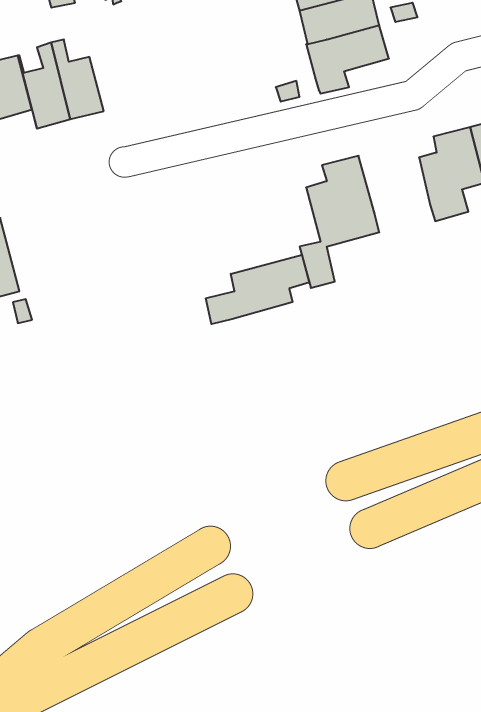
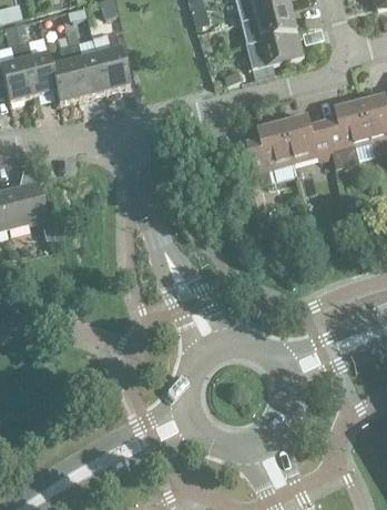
building: none -> [95,29,129,89]
building: none -> [283,113,333,160]
building: [206,255,309,324] -> none

